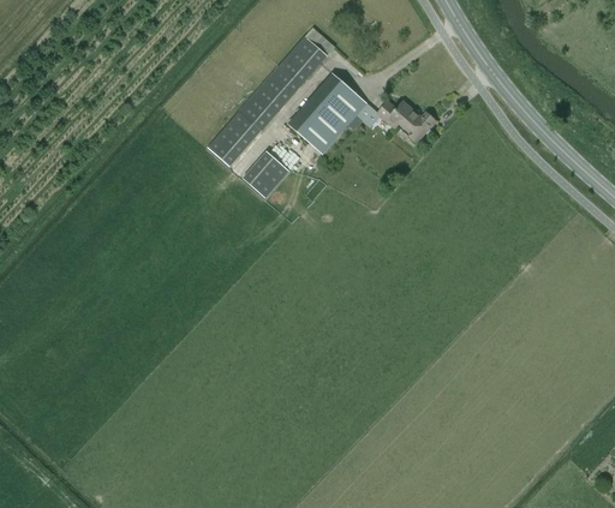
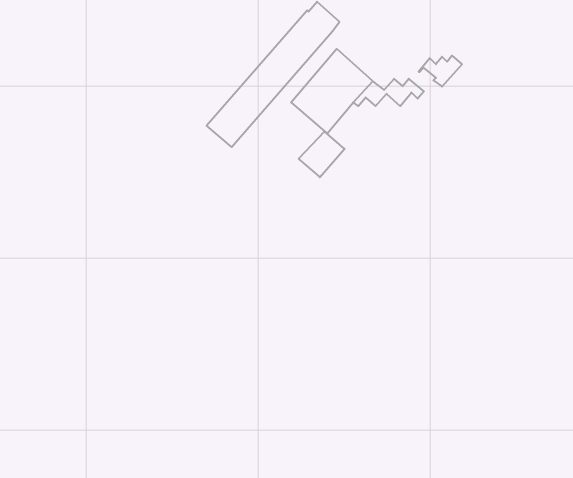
building: [394,112,436,142] -> [419,56,462,87]
building: [245,154,289,198] -> [299,131,345,177]

